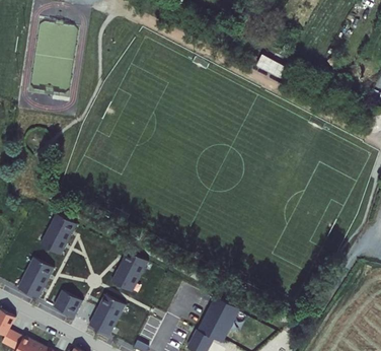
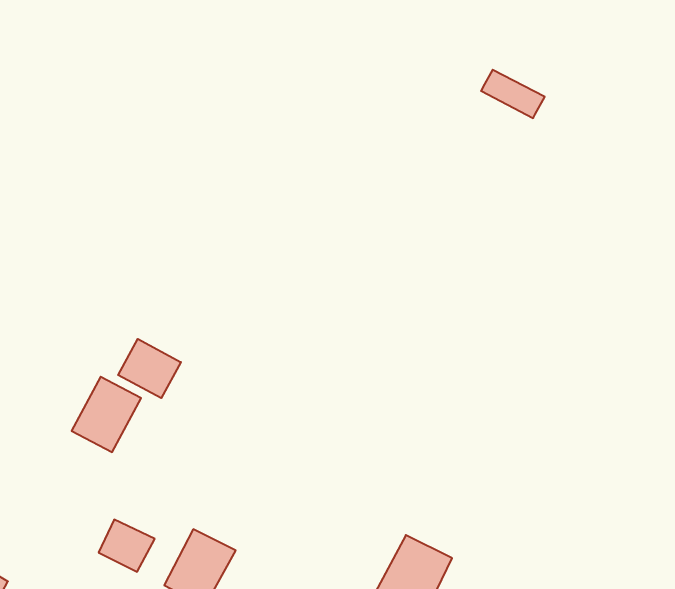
building: none -> [118,339,181,398]
building: [111,250,148,291] -> none
building: [18,256,55,296] -> none

